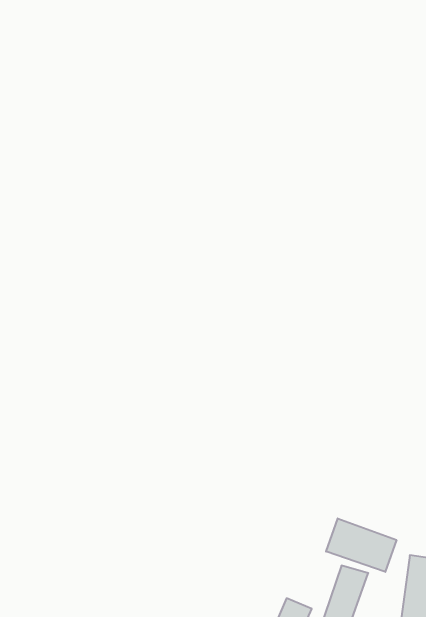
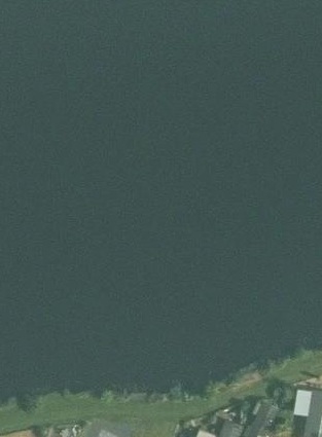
building: [326,518,396,572] -> none

